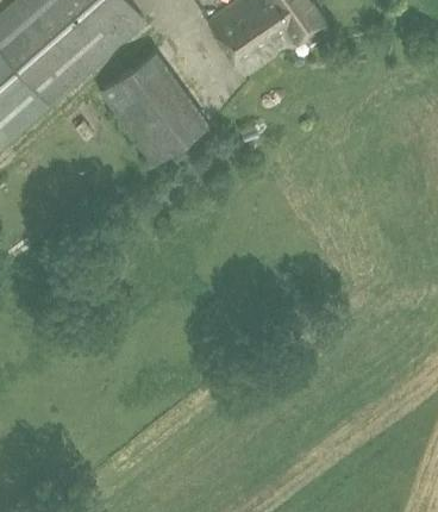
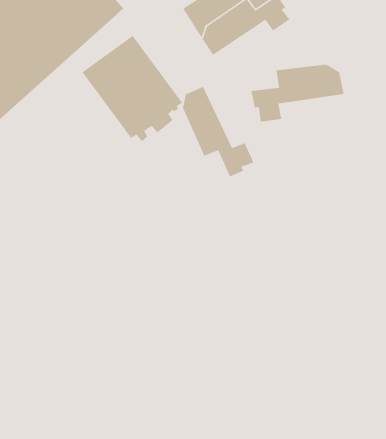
building: none -> [251,64,344,122]
building: none -> [182,86,254,178]

